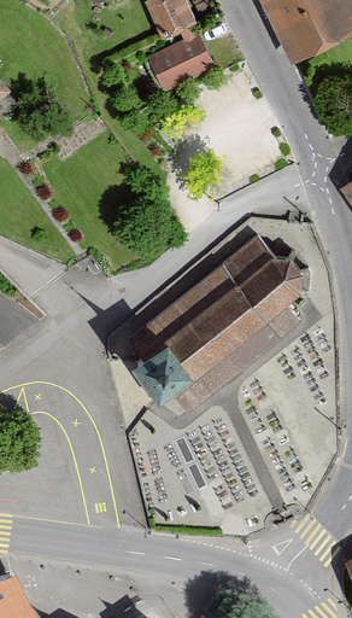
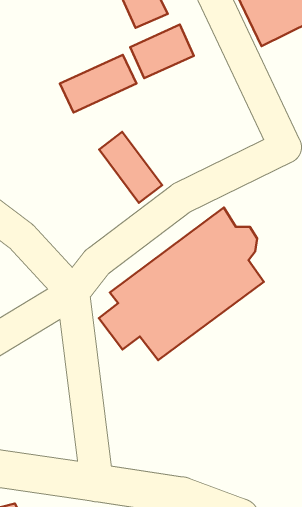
building: none -> [60,55,136,112]
building: none -> [99,132,162,203]

